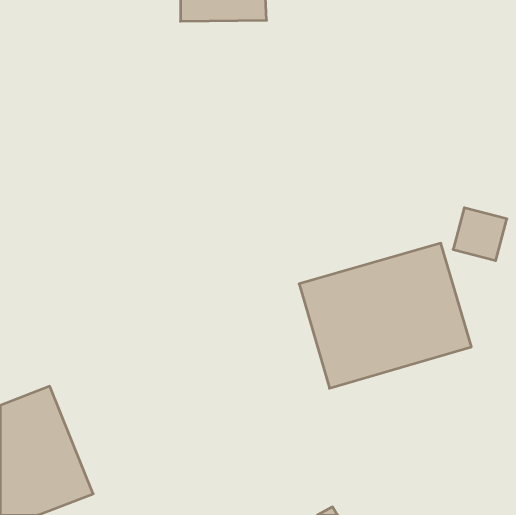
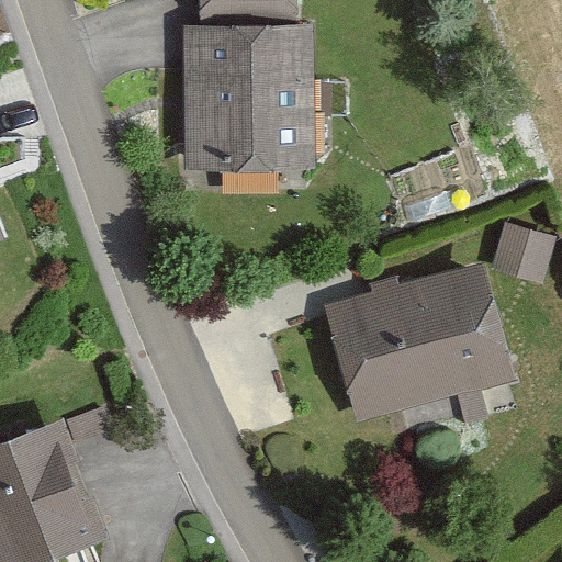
building: none -> [181,27,314,173]

